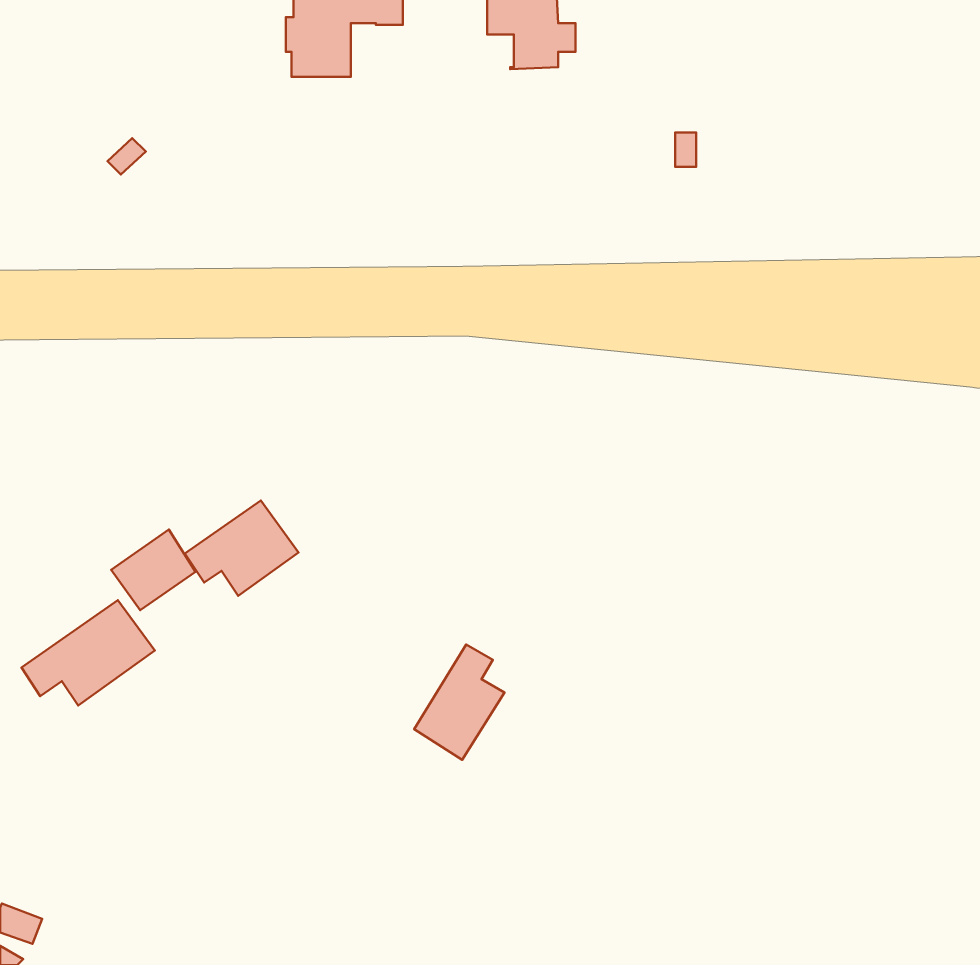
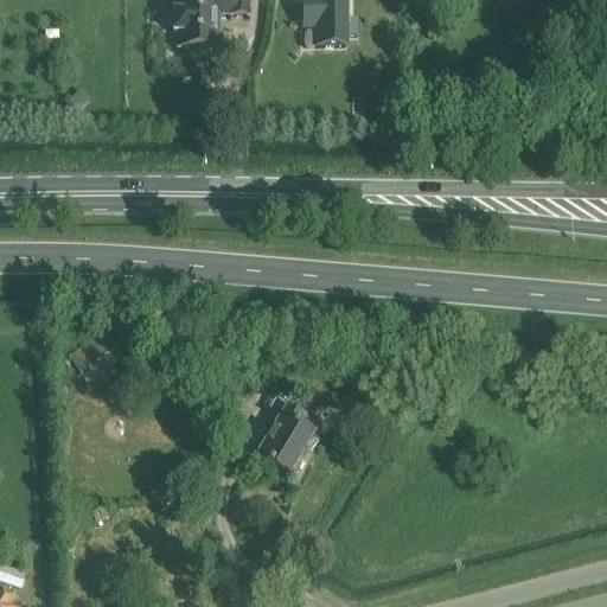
building: [185,500,298,596] -> none
building: [22,600,155,705] -> none

